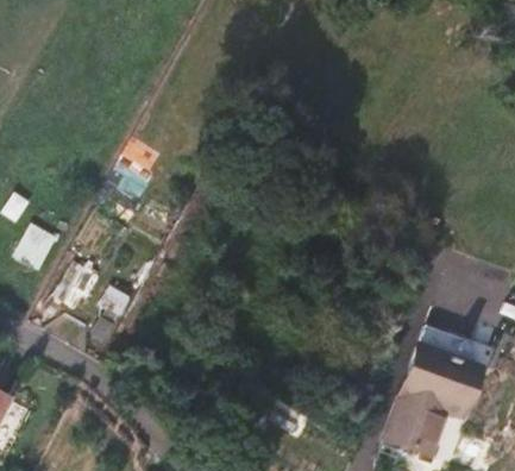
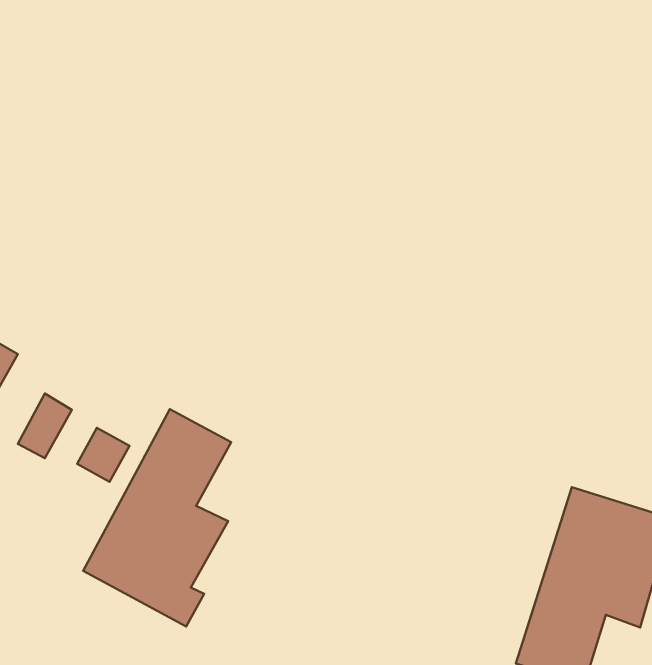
building: none -> [83,409,231,626]

